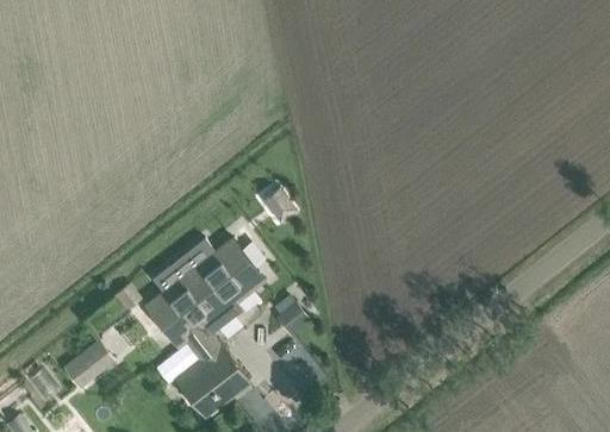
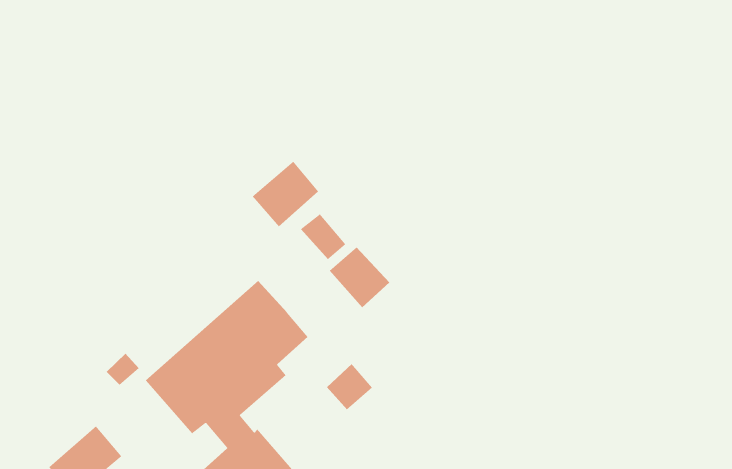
building: none -> [252,161,319,227]
building: none -> [329,246,390,308]

